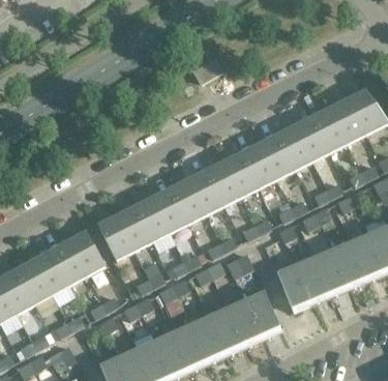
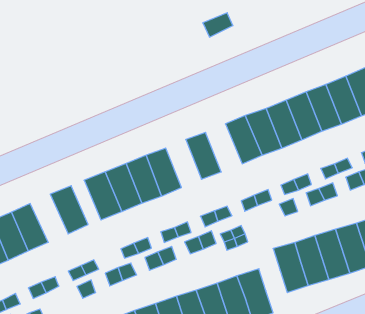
building: [205,160,241,205] -> none
building: [170,178,205,223] -> none
building: [50,239,87,284] -> none

